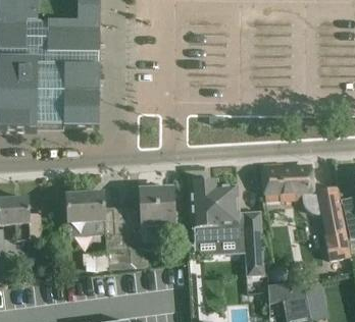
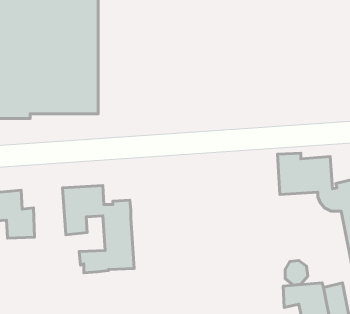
building: [190,179,264,272] -> none
building: [129,183,173,268] -> none

